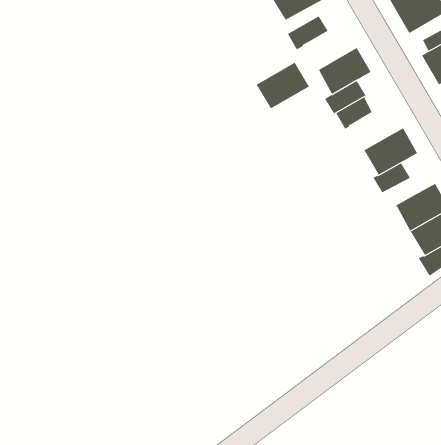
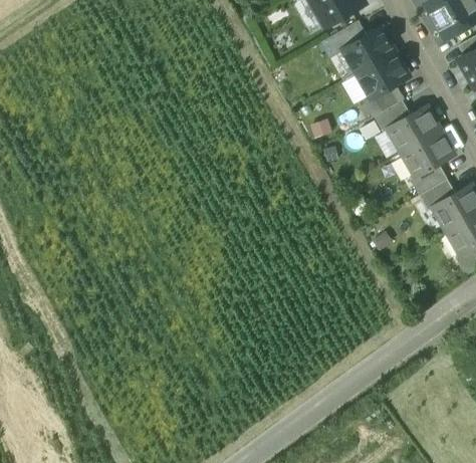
building: [256,62,310,109] -> [341,27,394,73]
building: none -> [387,105,439,152]
building: none -> [418,179,454,210]

